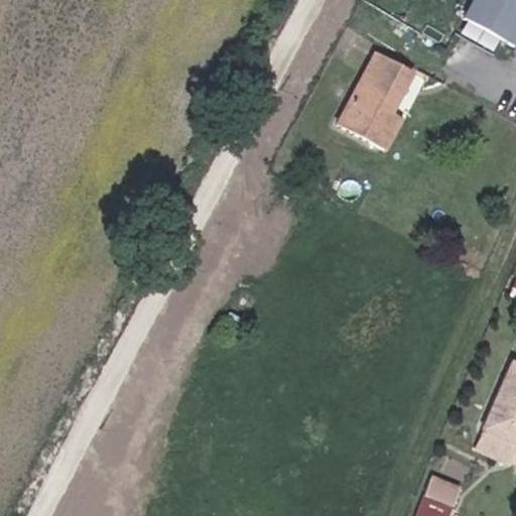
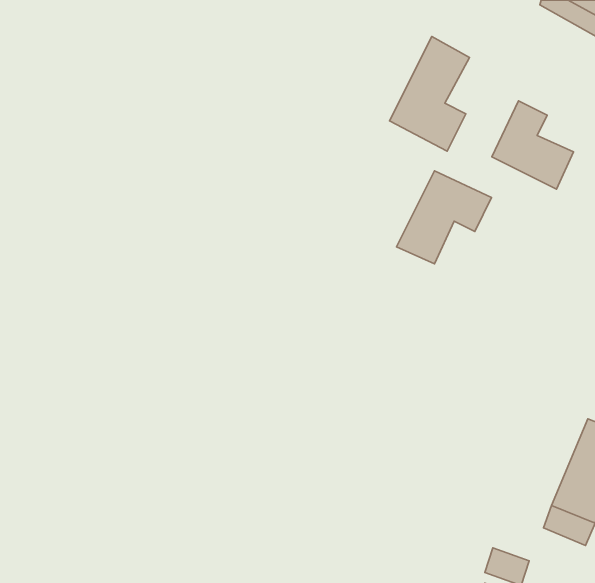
building: none -> [492,101,574,189]
building: none -> [396,171,492,264]

